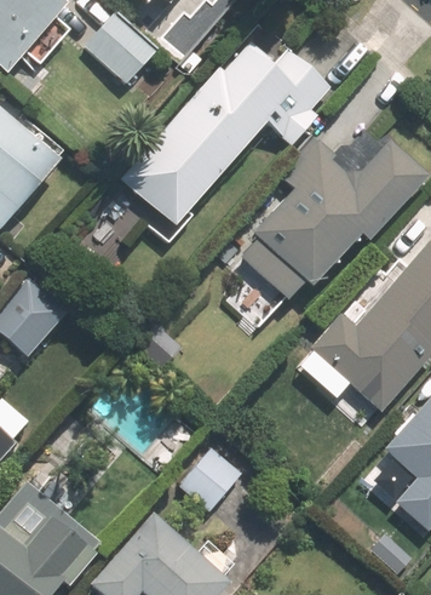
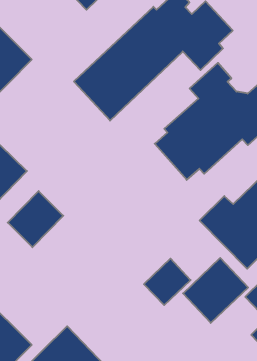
building: none -> [8,191,63,247]
building: none -> [183,258,248,323]
building: [180,447,243,511] -> [144,259,191,305]

